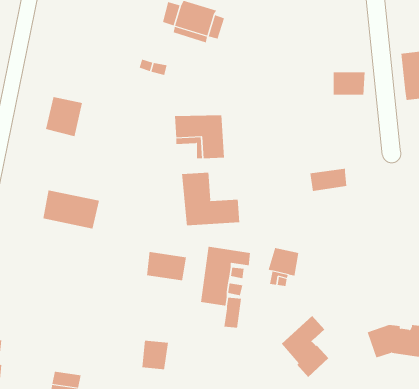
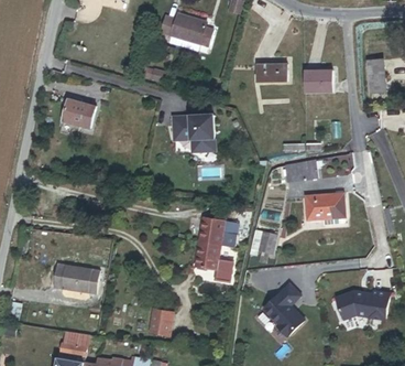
building: none -> [258,67,288,86]
building: [181,172,240,226] -> none
building: [42,190,100,229] -> [47,265,96,298]
building: none -> [307,190,348,222]
building: [147,251,186,281] -> none

